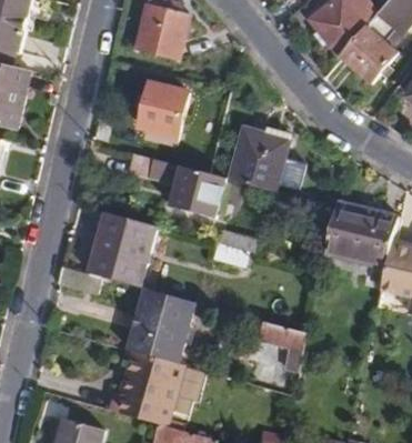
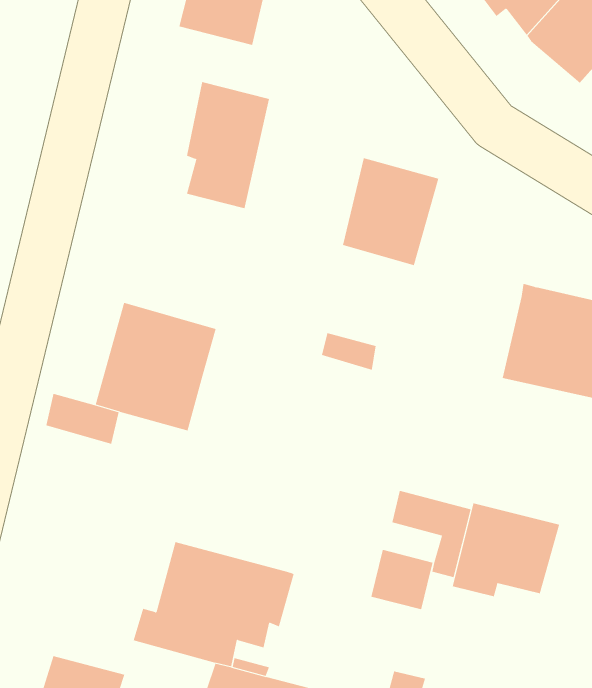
building: [125,152,223,215] -> none
building: [125,289,217,369] -> none
building: none -> [452,502,560,597]

